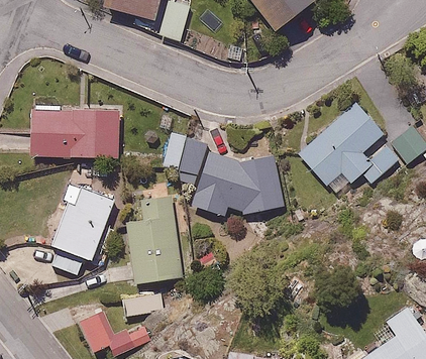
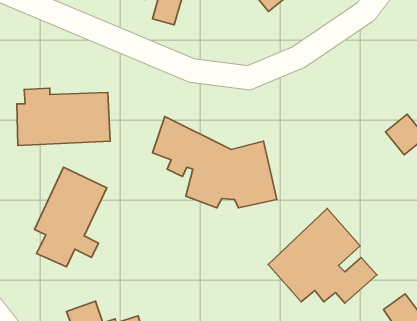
building: [295,102,401,194] -> [268,209,377,303]
building: [128,198,181,281] -> none
building: [122,290,164,317] -> none

